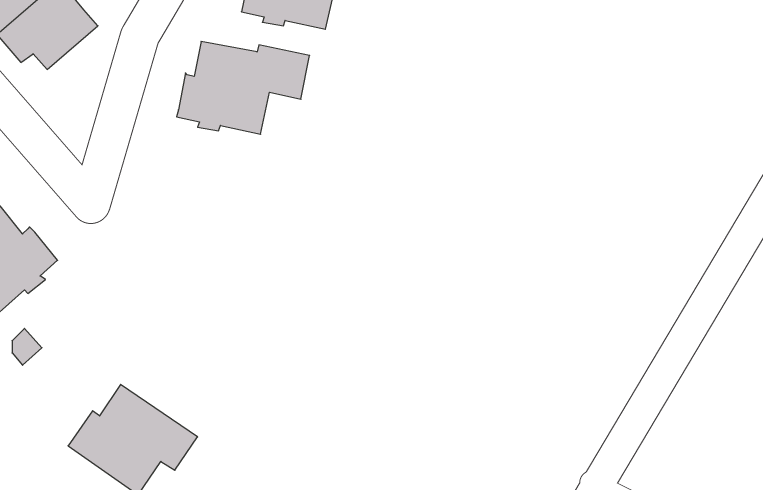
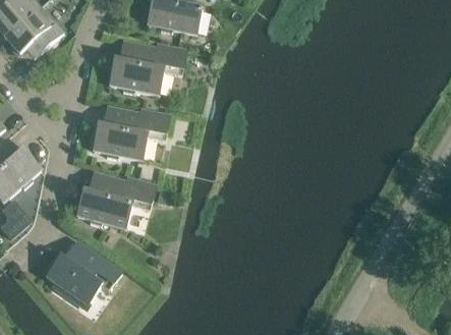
building: none -> [93,106,170,160]
building: none -> [76,172,156,228]

